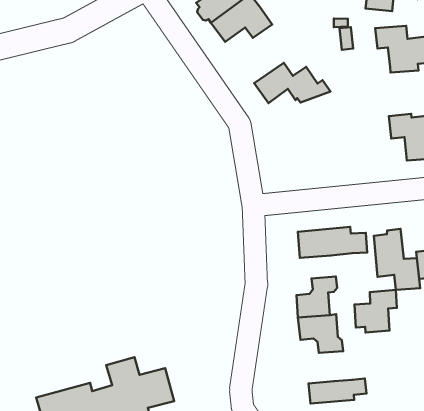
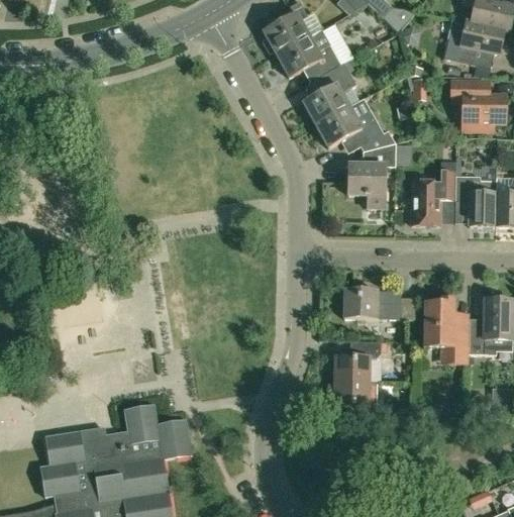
building: none -> [303,63,355,124]
building: none -> [348,142,396,207]
building: none -> [411,171,455,225]
building: [354,290,397,333] -> none
building: [308,378,366,403] -> none

